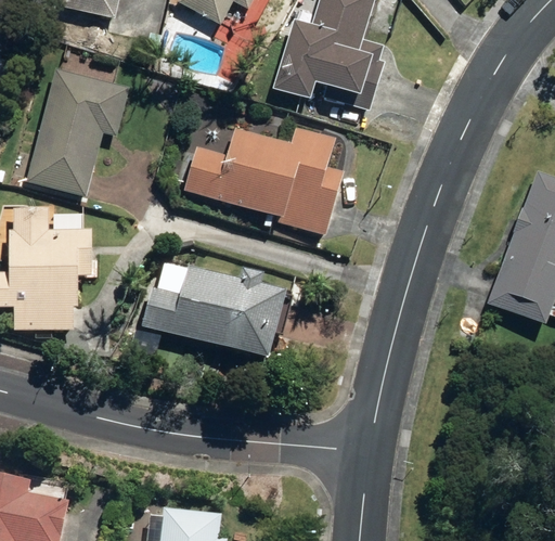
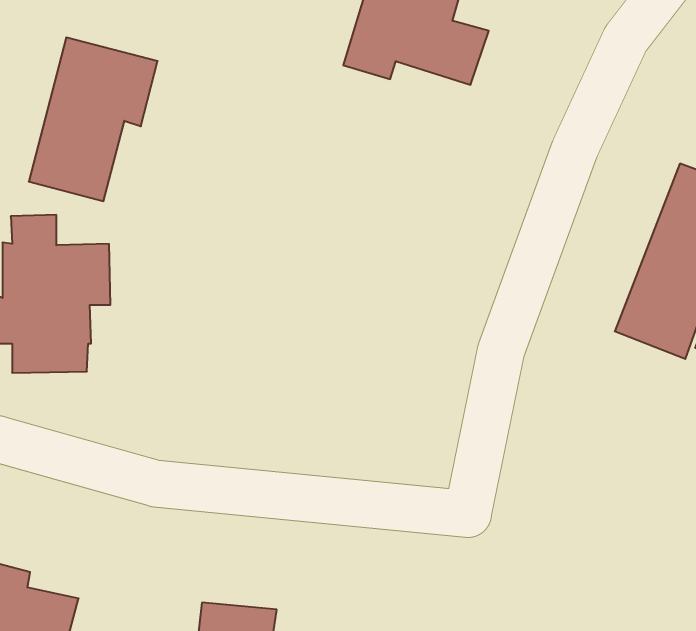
building: [185,127,345,234] -> none
building: [143,266,287,363] -> none

